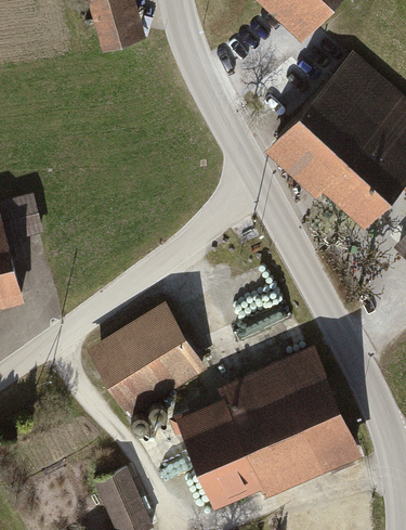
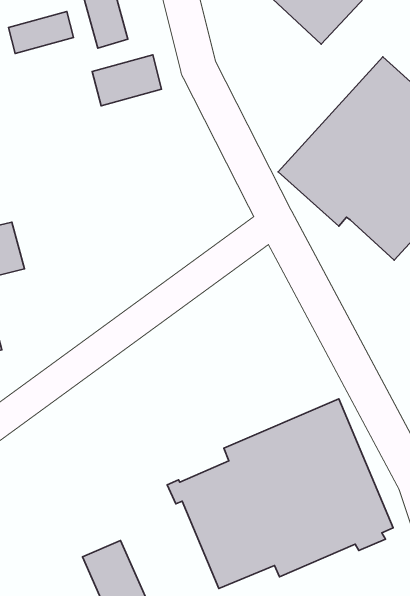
building: none -> [9,11,74,54]
building: none -> [92,55,161,106]
building: [82,302,206,419] -> none

